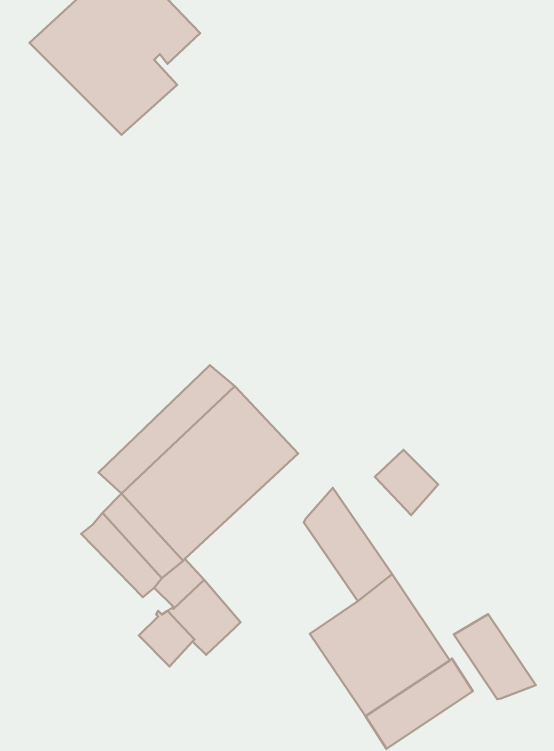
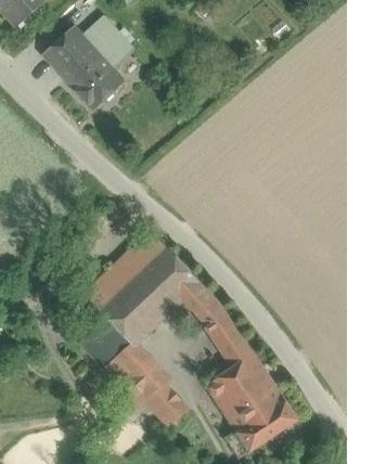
building: [375,450,438,515] -> [182,285,218,322]
building: [454,614,536,699] -> none
building: none -> [146,384,185,424]

